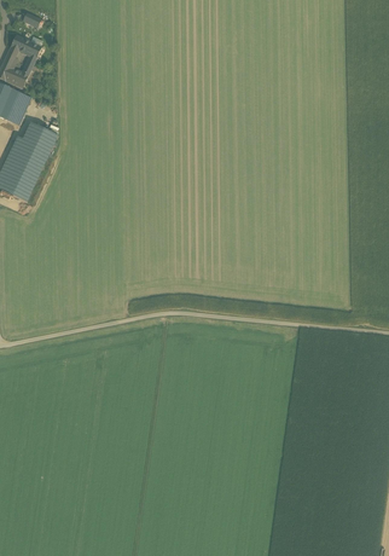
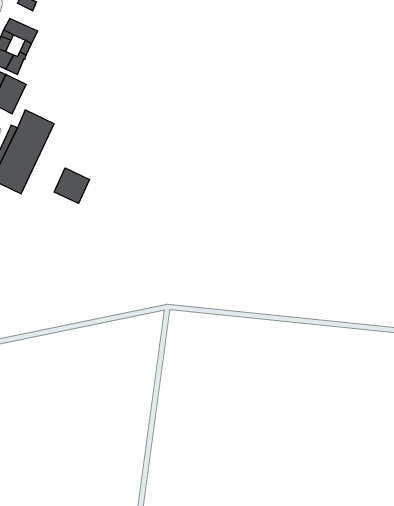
building: none -> [54,168,89,203]

